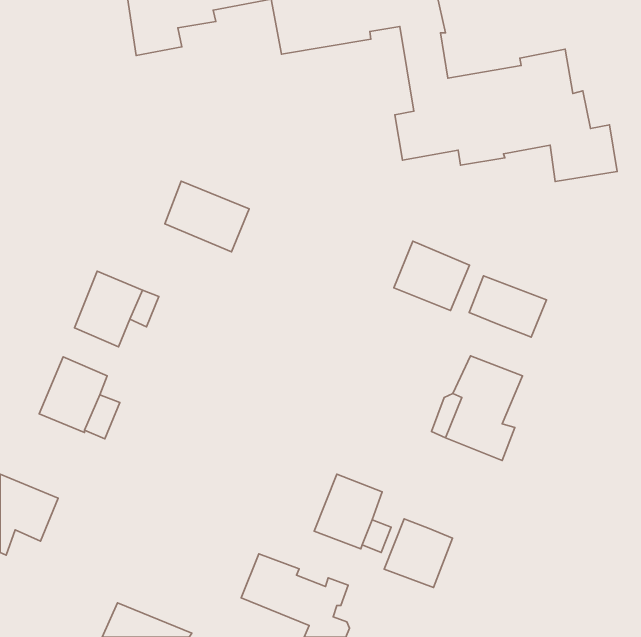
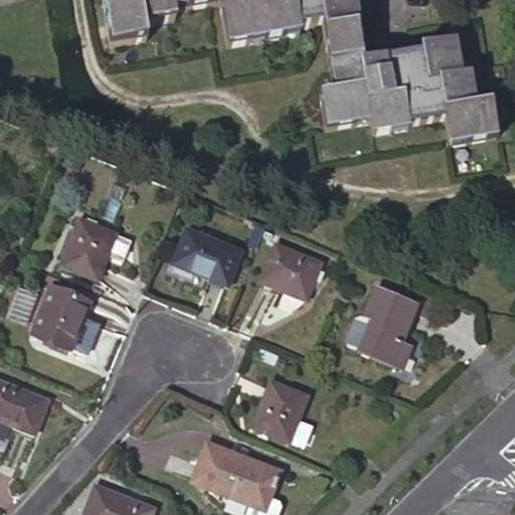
building: [165,181,249,252] -> [175,226,242,283]
building: [394,241,470,311] -> [262,241,322,297]
building: [469,276,546,337] -> none
building: [384,519,453,587] -> none

